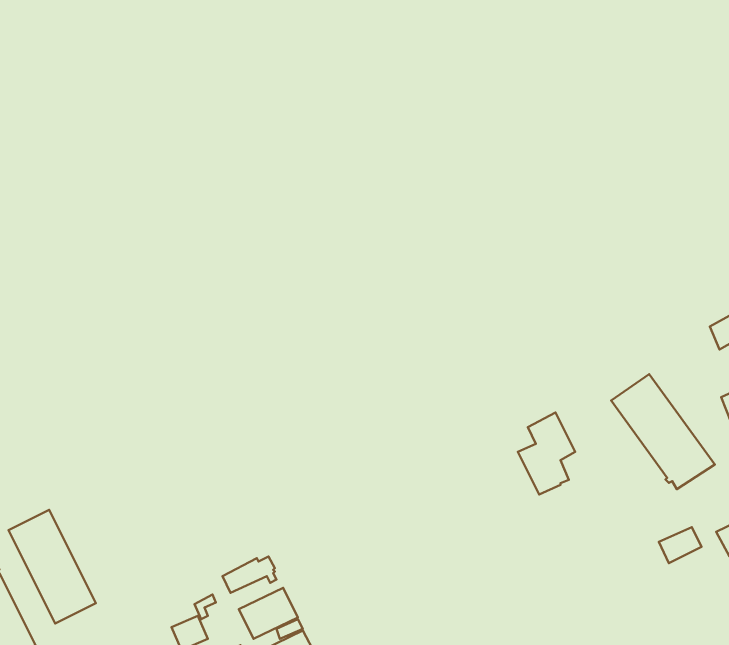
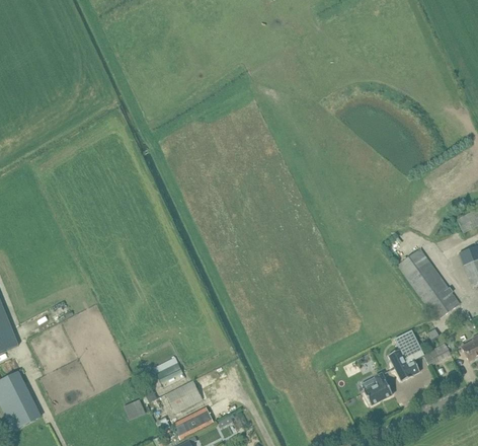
building: [518,413,575,495] -> [388,328,423,379]
building: [9,510,96,624] -> none
building: none -> [364,372,392,403]

